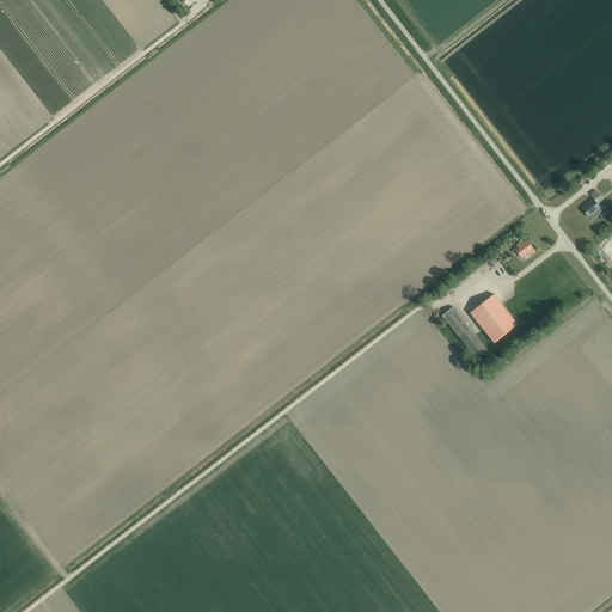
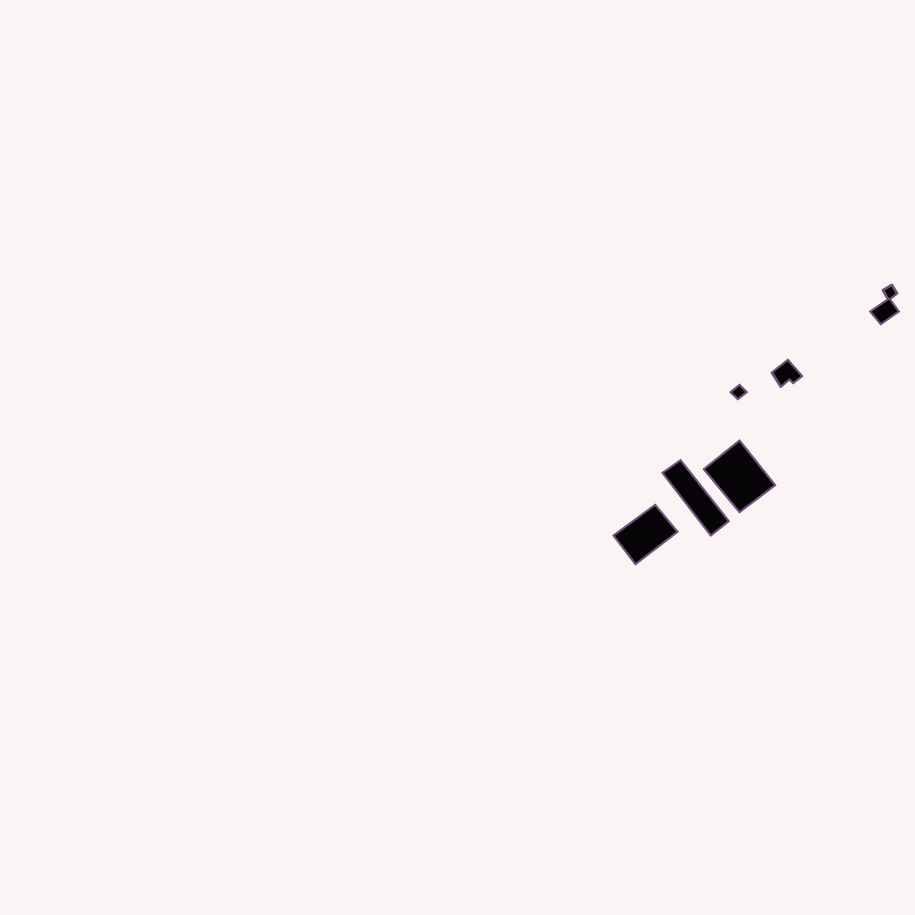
building: none -> [614,505,677,564]

